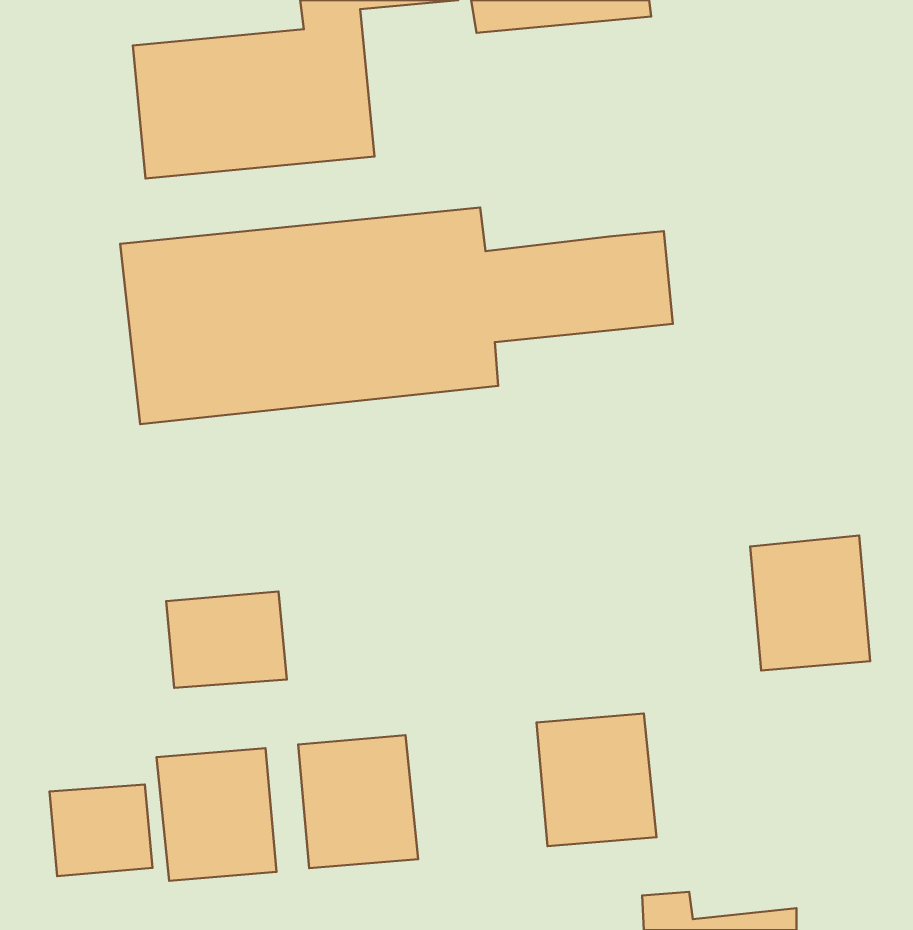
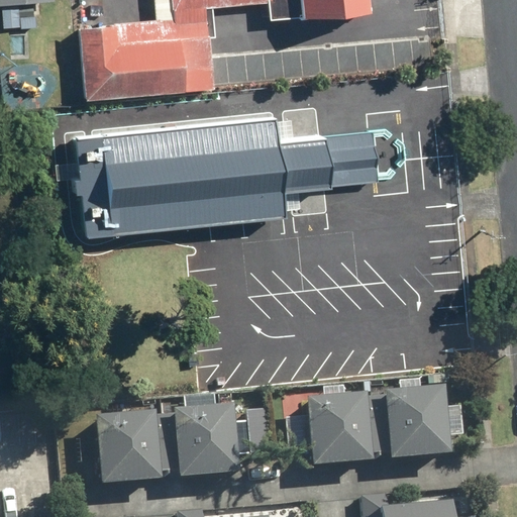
building: [750,536,870,670] -> [386,389,452,463]
building: [166,591,287,688] -> none
building: [49,784,152,876] -> none

